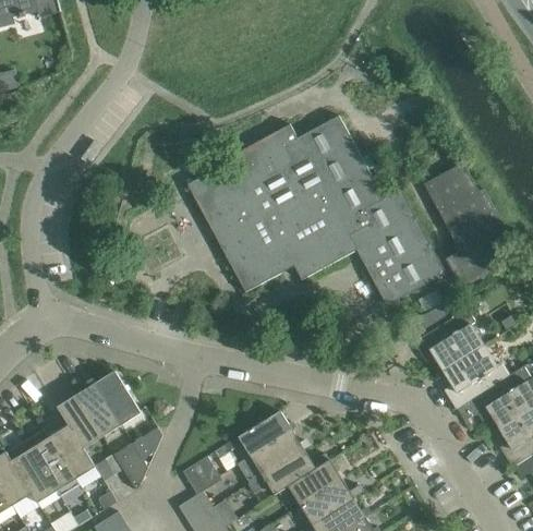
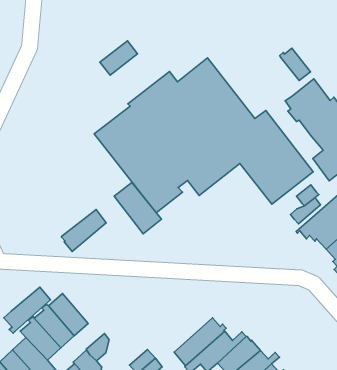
building: none -> [100,41,138,75]
building: none -> [280,48,310,80]
building: none -> [114,183,161,234]
building: none -> [61,210,106,251]
building: none -> [4,287,51,333]
building: [238,410,294,464] -> none

